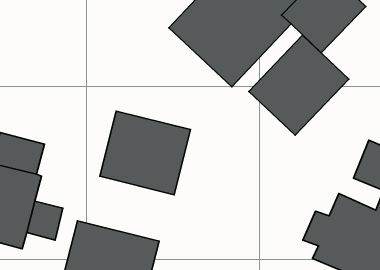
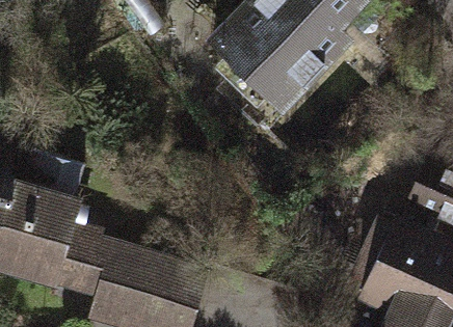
building: [249,35,349,135] -> none
building: [100,111,191,195] -> none

